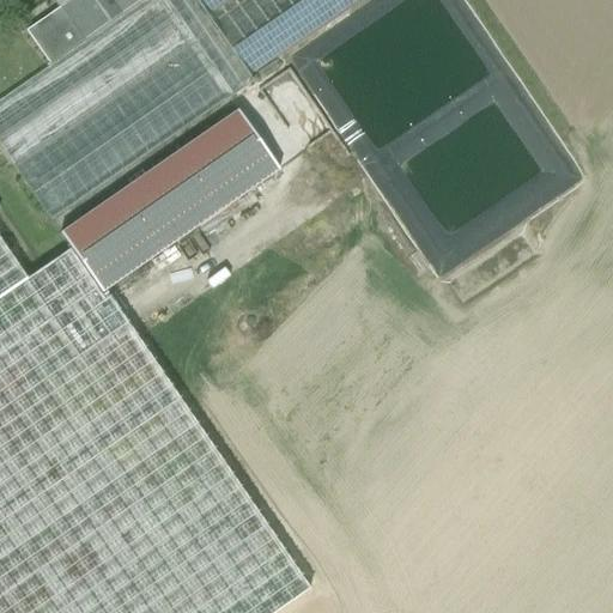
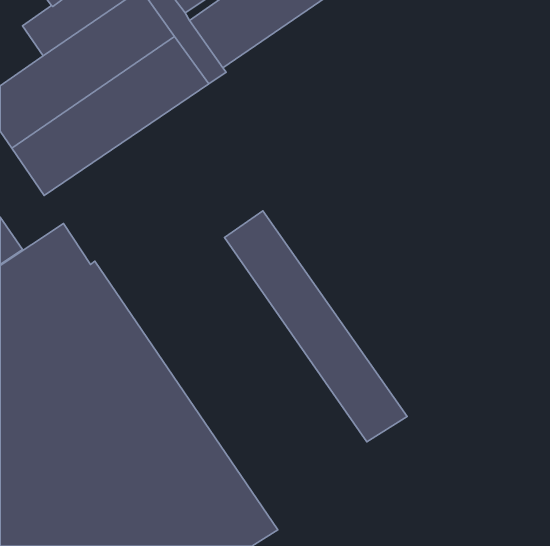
building: [59,110,278,295] -> none
building: none -> [225,211,407,442]

